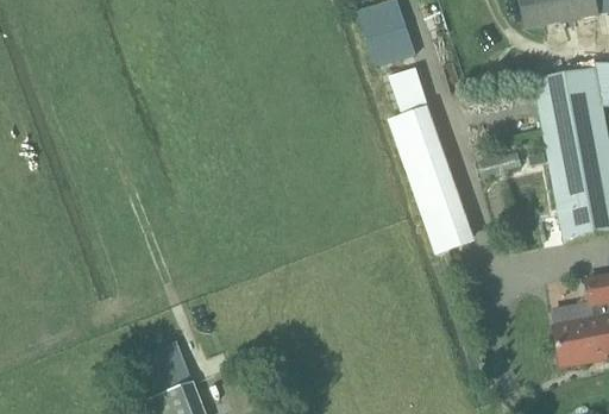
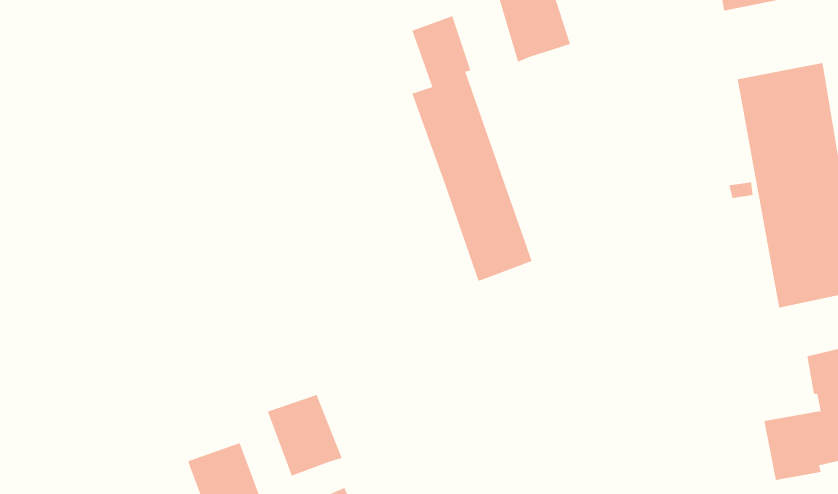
building: [388,64,475,255] -> [411,16,533,281]
building: none -> [267,394,343,476]

